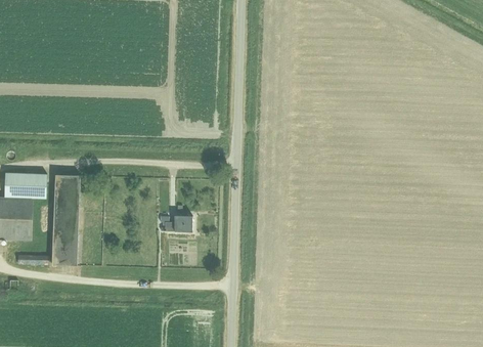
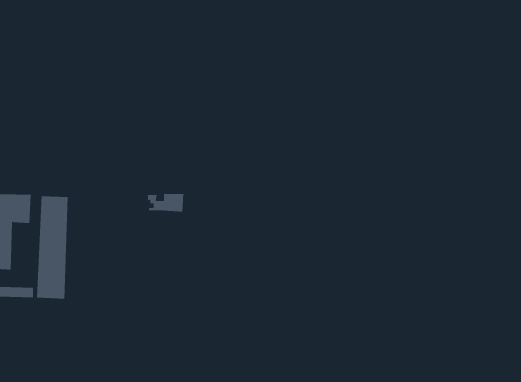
building: [160,215,192,231] -> [147,193,184,212]

